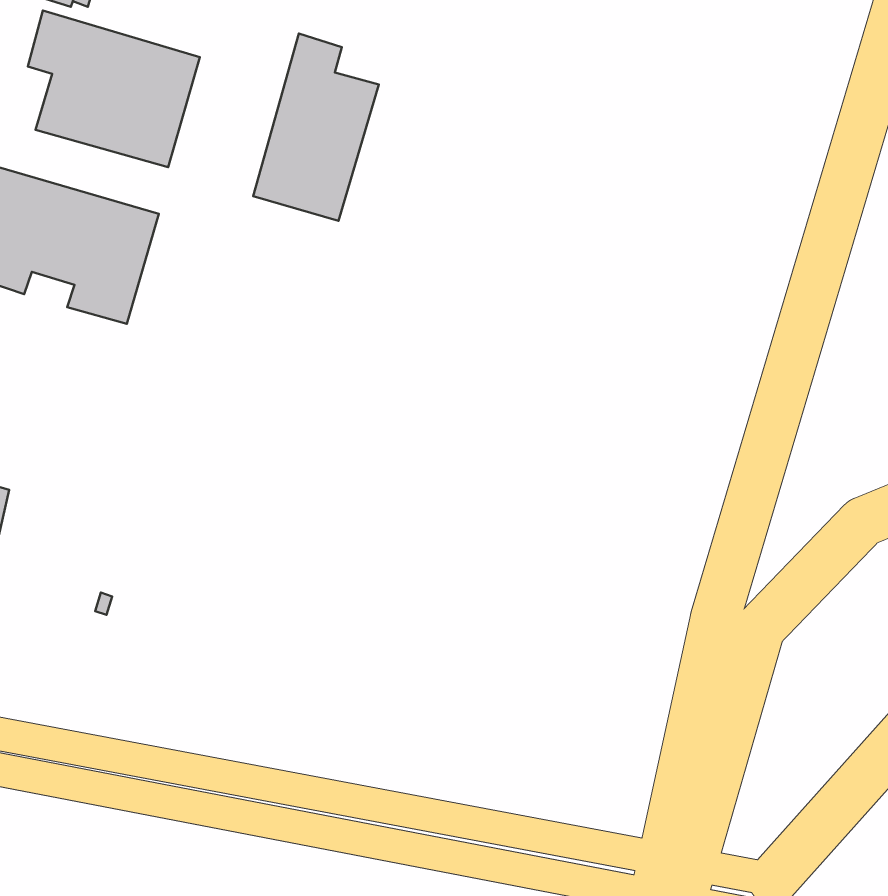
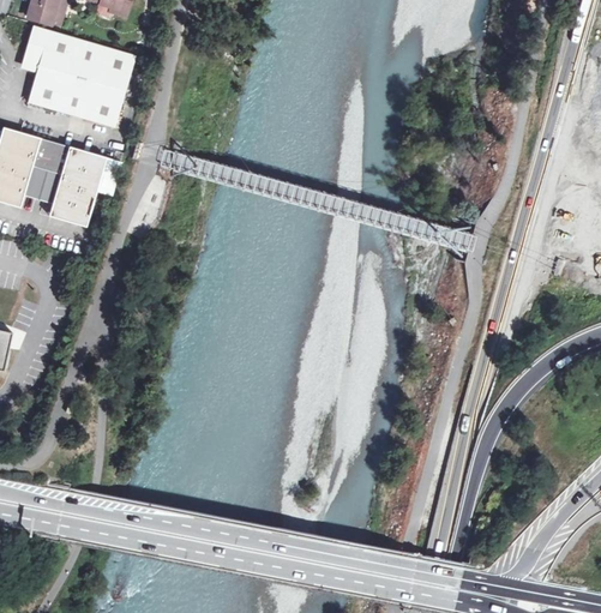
building: [253,34,379,221] -> none

